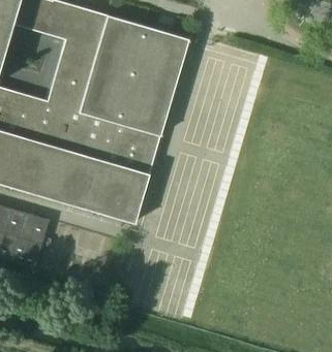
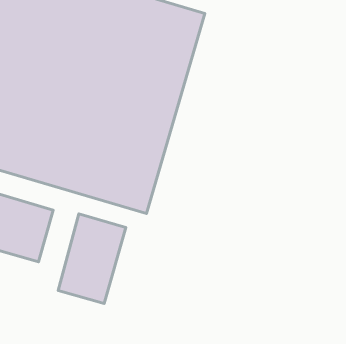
building: none -> [58,214,126,303]

